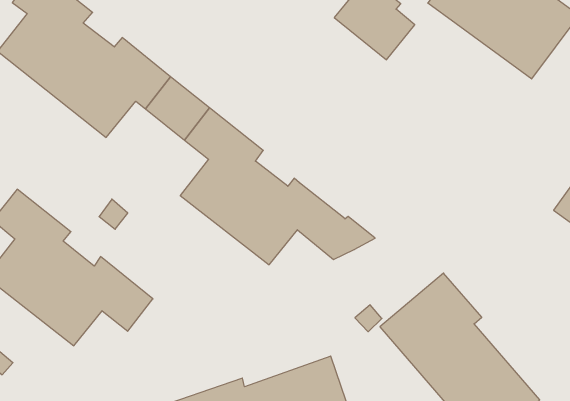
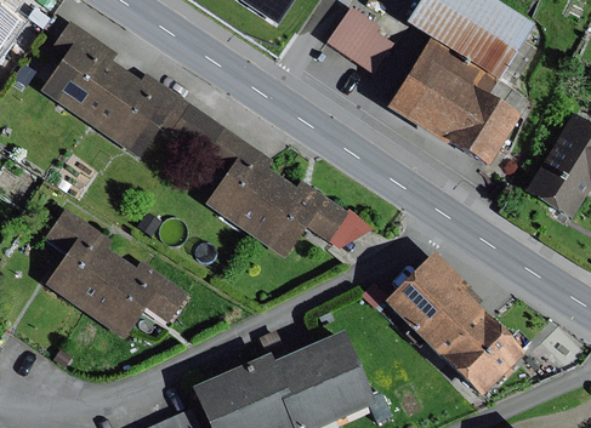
building: none -> [387,39,519,166]

